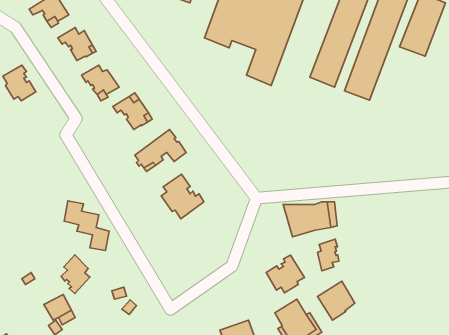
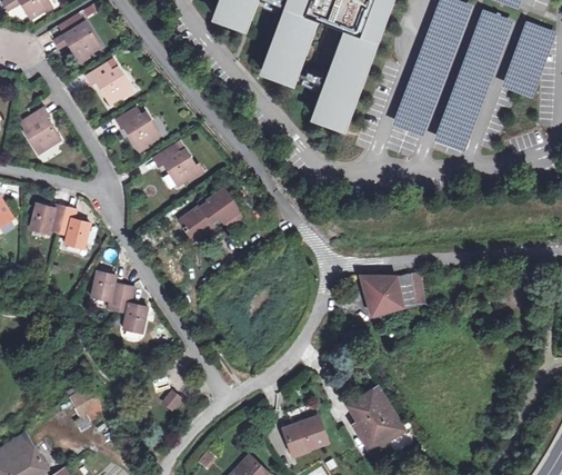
building: none -> [30,205,90,249]
building: [161,174,204,219] -> none
building: [318,239,339,271] -> none
building: [61,255,90,294] -> none
building: [266,255,304,293] -> none
building: [318,281,355,320] -> none

